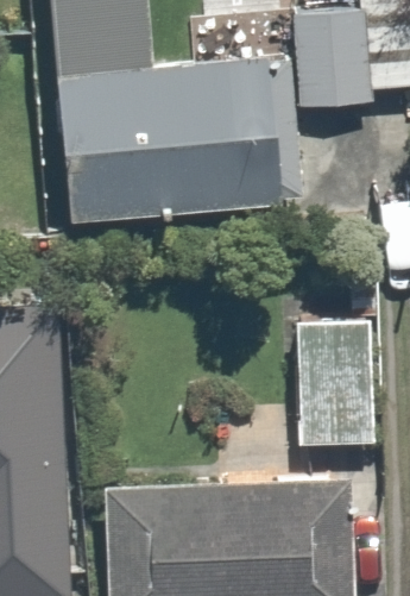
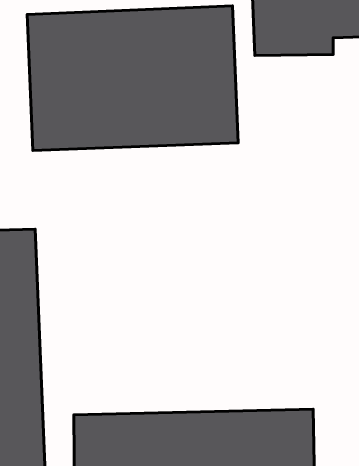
building: [295,312,378,447] -> none

